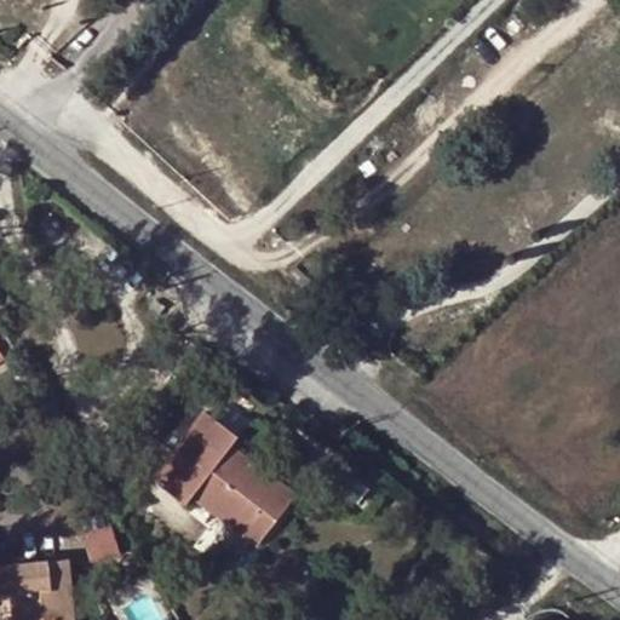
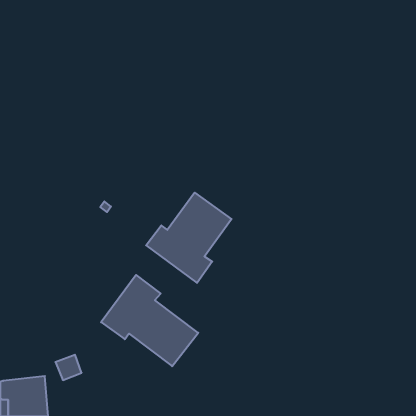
building: none -> [146,193,232,283]

